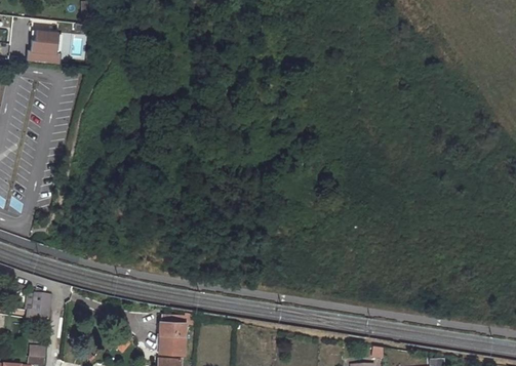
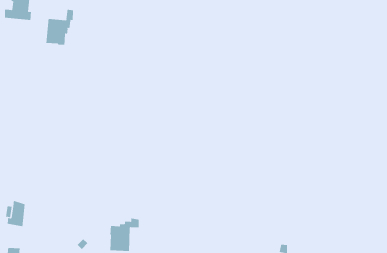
building: none -> [46,9,73,45]

